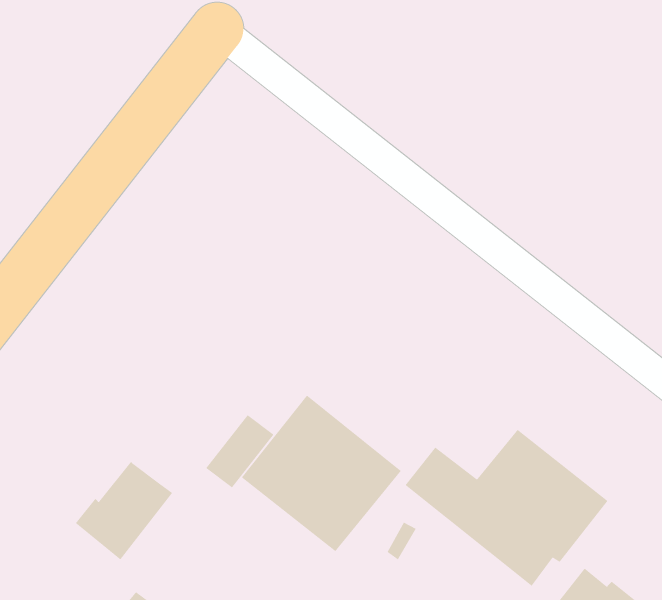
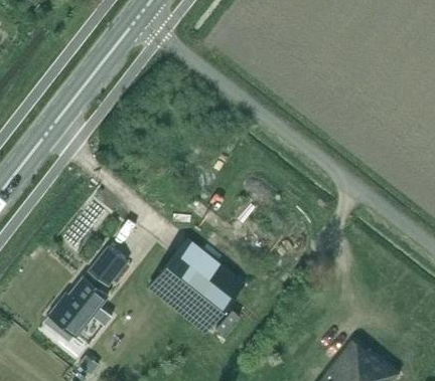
building: [205,414,275,489] -> [85,247,126,292]
building: [404,429,608,587] -> none

